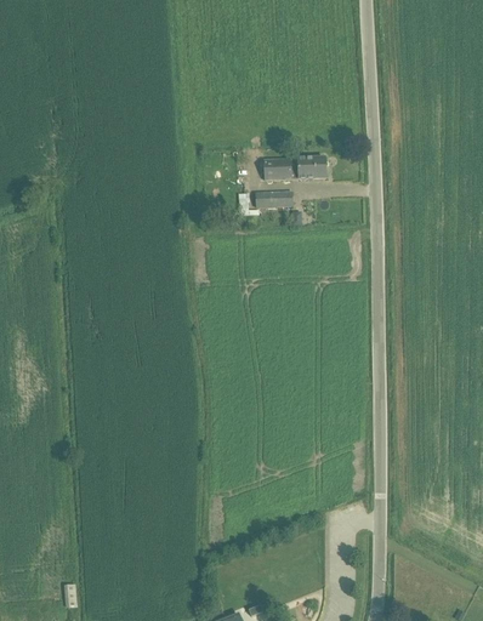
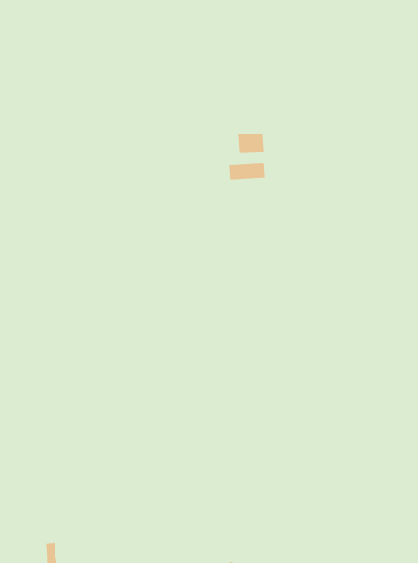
building: [290,156,325,178] -> none

